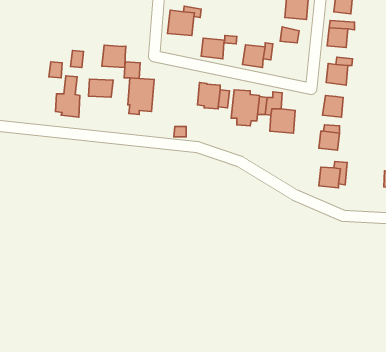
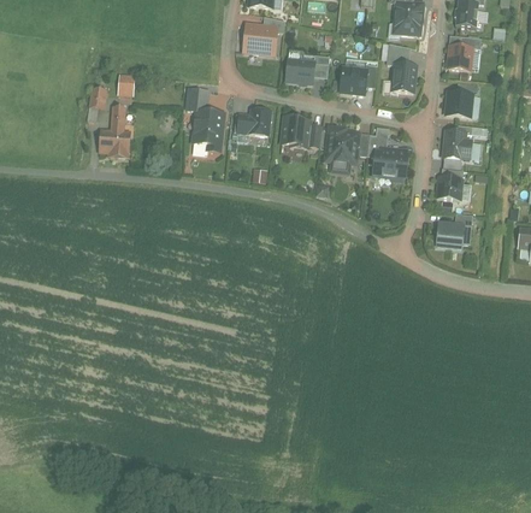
building: none -> [391,63,417,92]
building: [102,45,126,67] -> none
building: none -> [236,107,271,135]
building: [89,79,113,97] -> none

